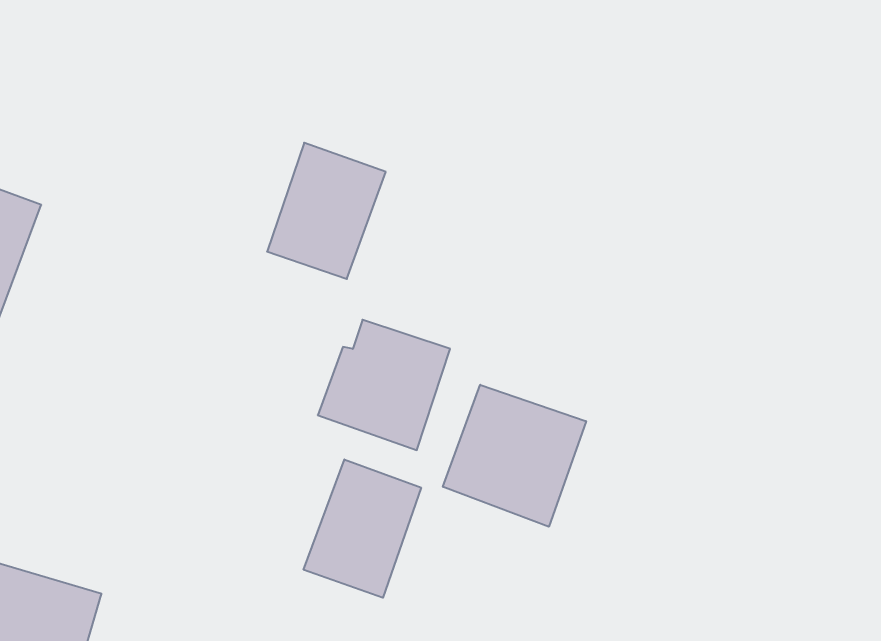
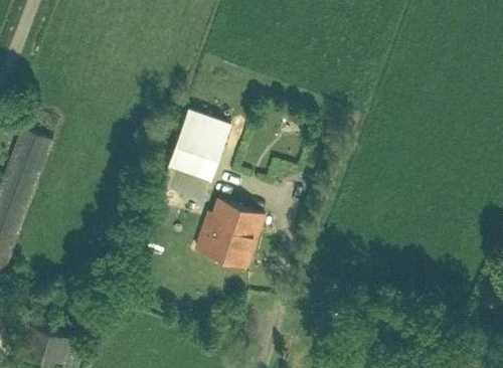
building: [443,385,586,527] -> none
building: [304,459,421,598] -> none

